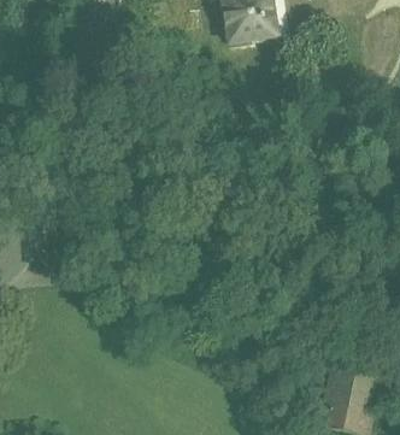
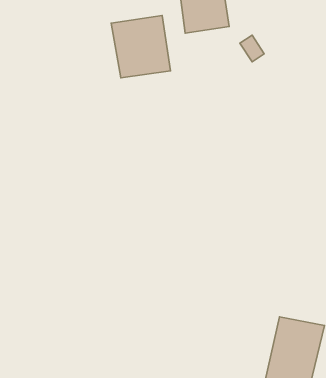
building: none -> [111,15,170,78]

